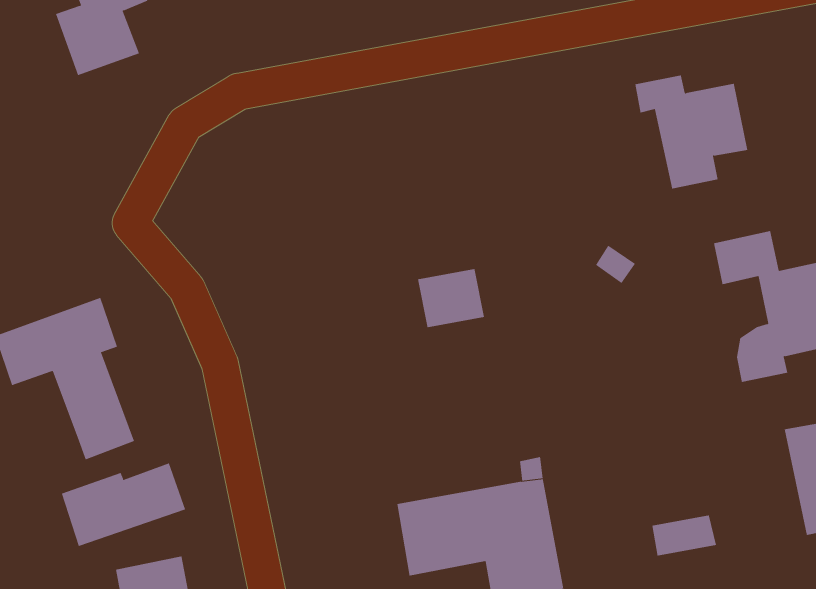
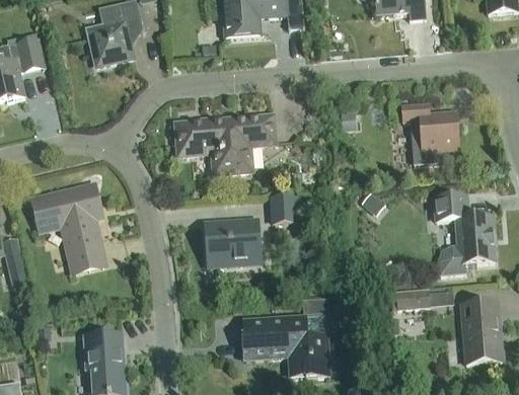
building: none -> [176,115,274,172]
building: none -> [205,219,260,264]
building: [61,463,186,547] -> none
building: [651,515,717,556] -> [395,290,430,309]

